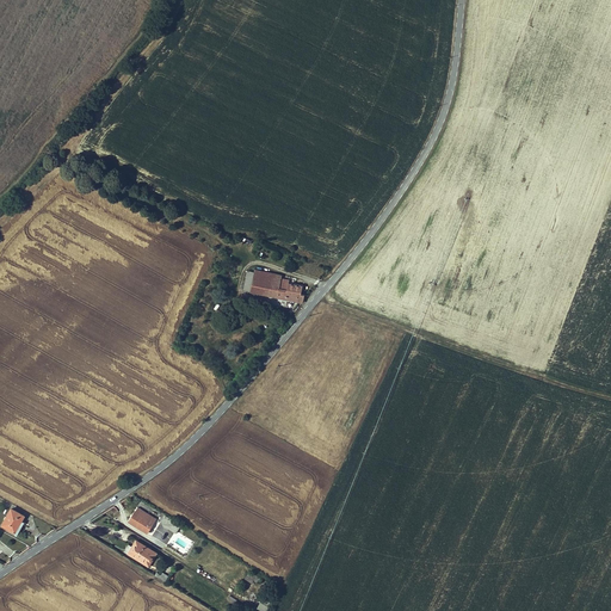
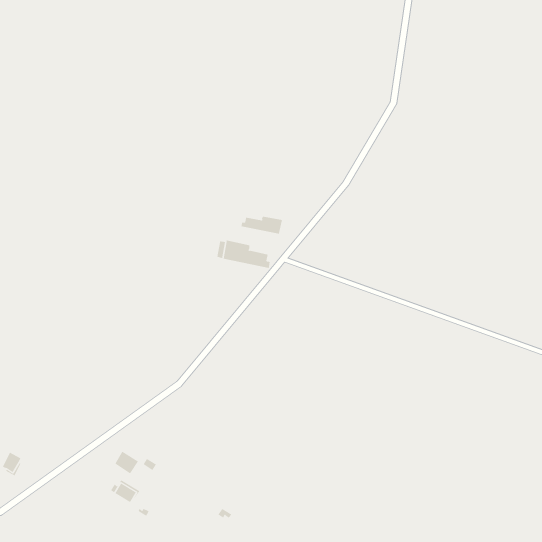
building: none -> [241,216,283,235]

